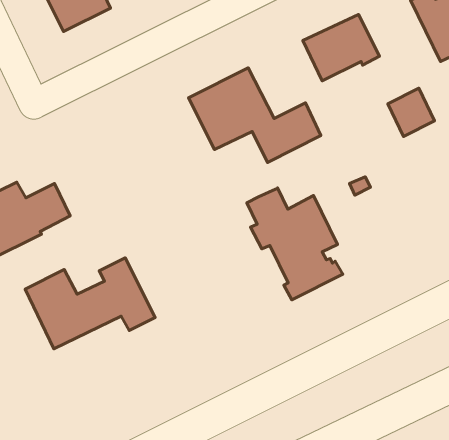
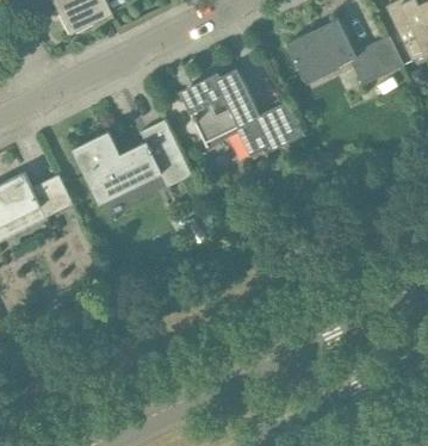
building: [388,88,435,136] -> [361,36,404,80]
building: [247,188,343,300] -> none
building: [25,258,155,349] -> [74,120,193,204]

